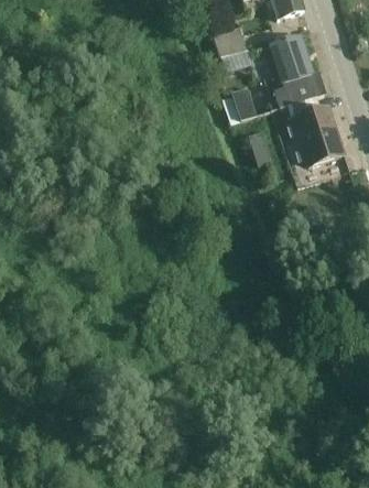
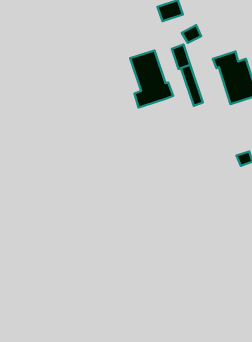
building: [267,32,323,107] -> [130,50,173,108]

